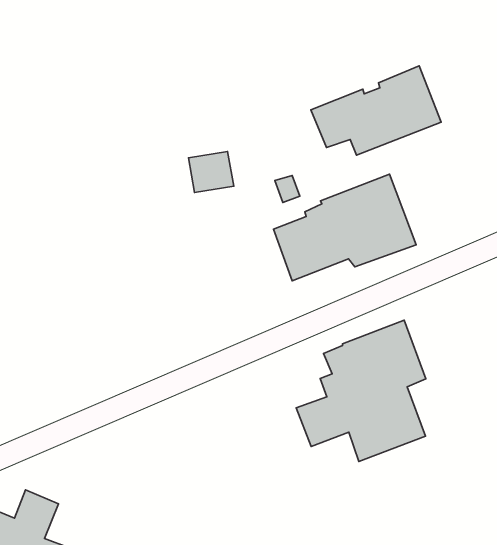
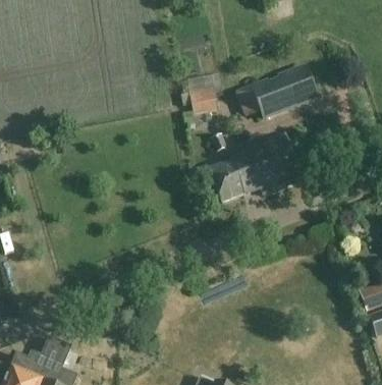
building: [188,152,234,192] -> [189,86,219,112]
building: [296,320,426,461] -> none

